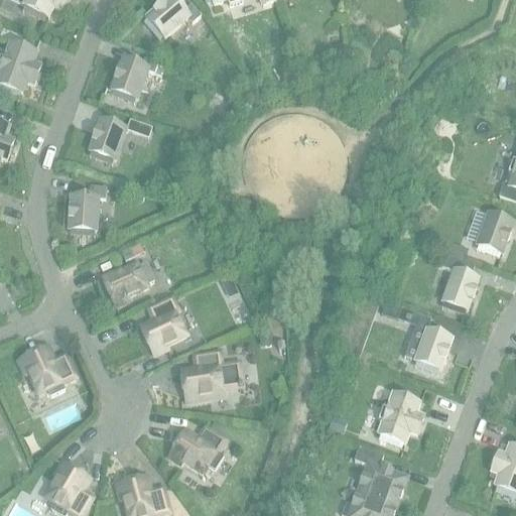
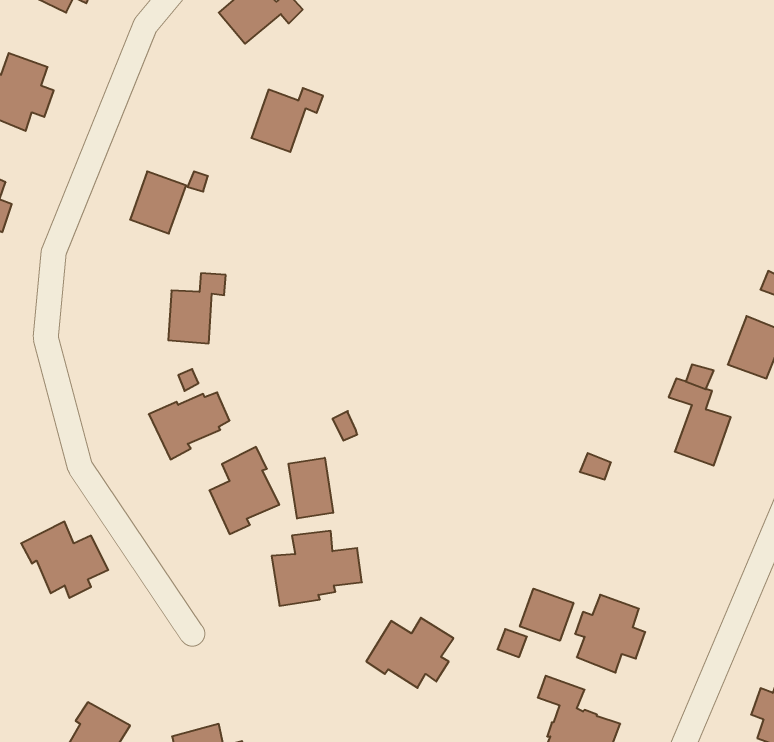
building: [111,55,157,97] -> [251,88,323,152]
building: [69,183,106,229] -> [168,273,226,343]
building: none -> [289,458,333,519]
building: [403,325,452,368] -> none
building: none -> [520,589,573,641]
building: [168,426,225,472] -> [366,618,453,688]

